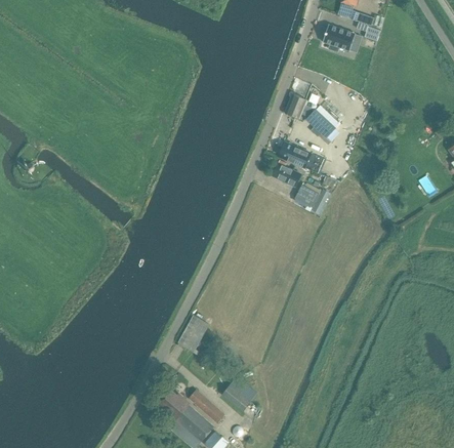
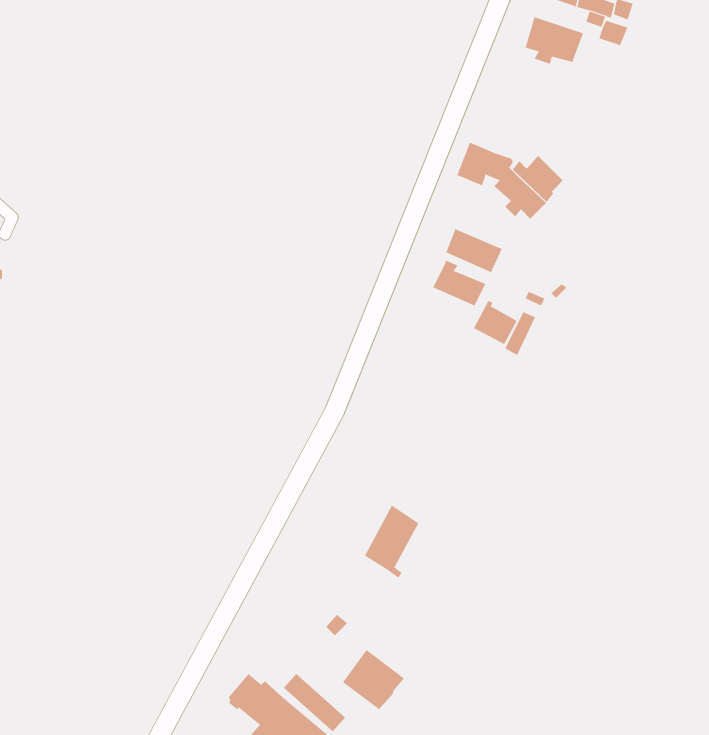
building: [178,314,209,355] -> [364,505,419,579]

